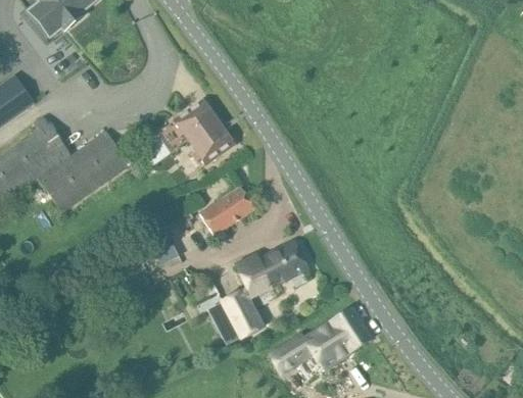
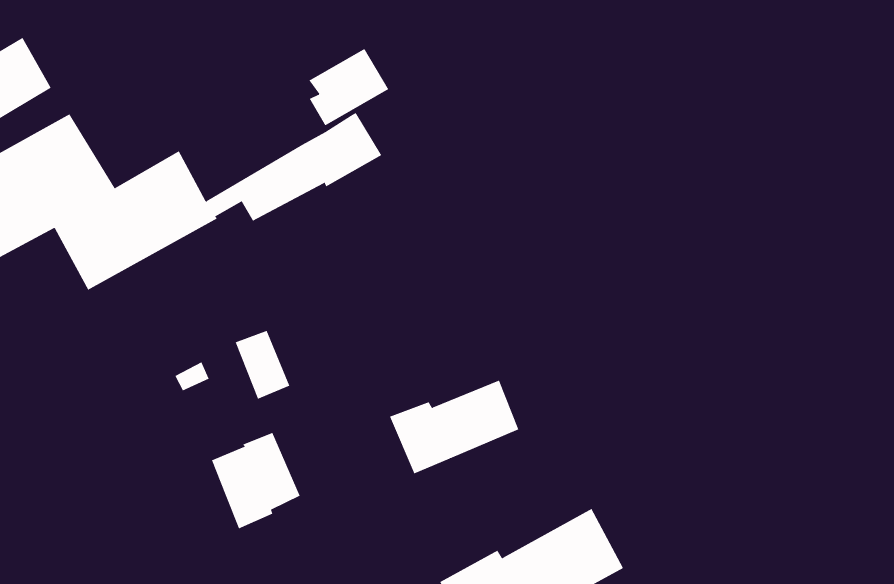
building: [189,121,234,166] -> [309,48,389,126]
building: [200,186,254,235] -> none
building: [207,290,258,345] -> [211,432,301,529]

